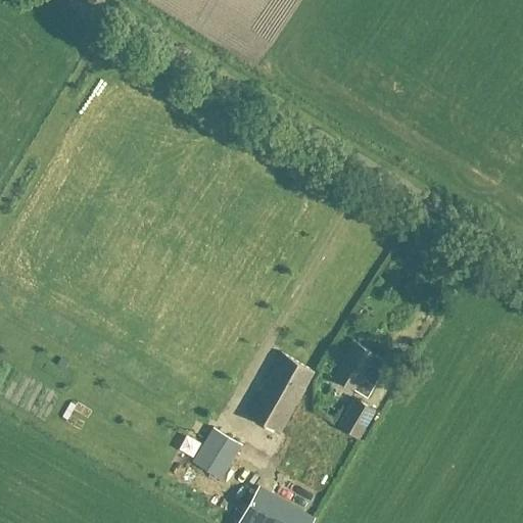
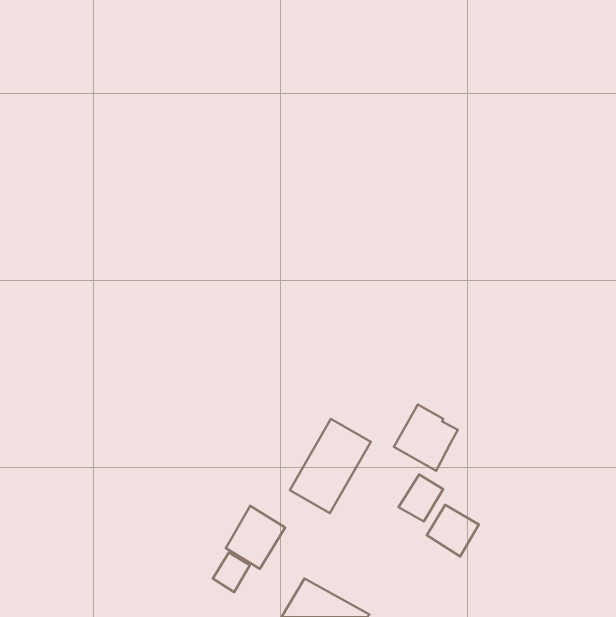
building: none -> [427,505,479,556]
building: none -> [213,552,250,592]

